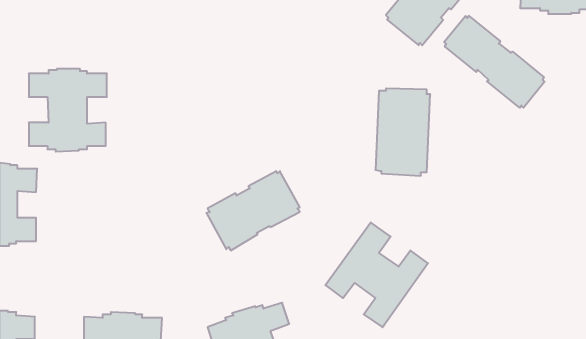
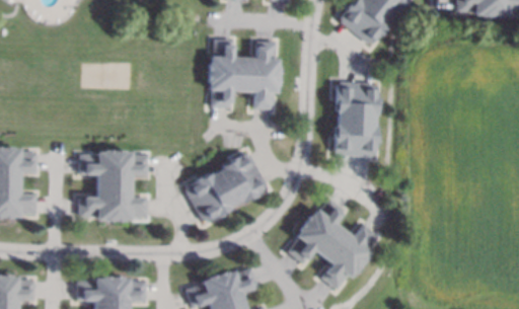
building: [444,16,545,108] -> none
building: none -> [207,38,279,109]
building: [29,69,107,152] -> [79,150,147,222]

